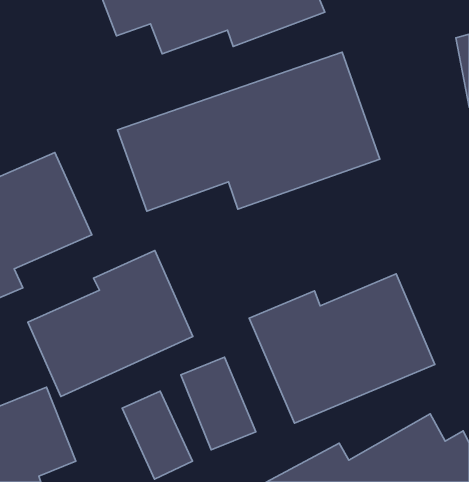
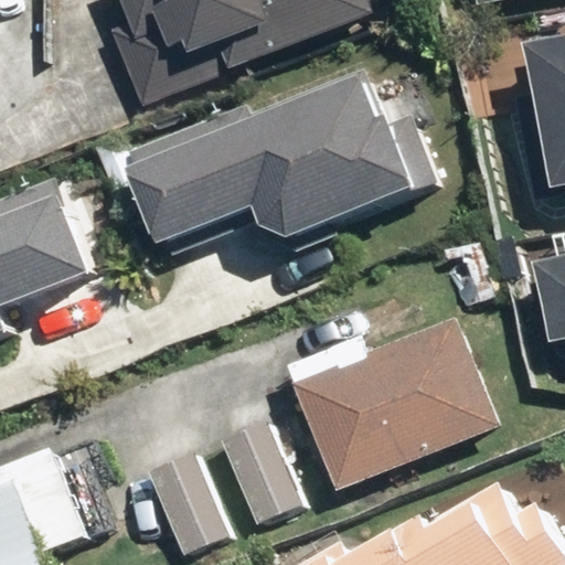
building: [28,250,193,396] -> none

